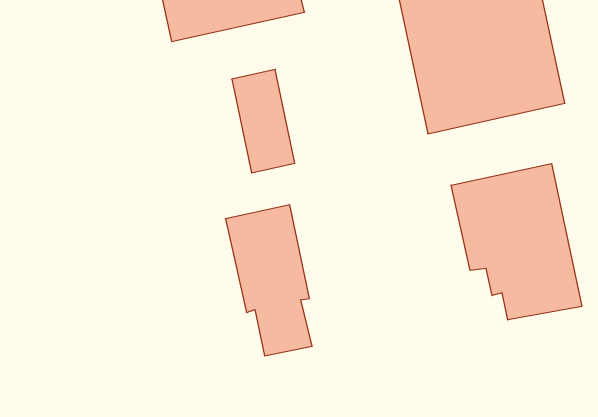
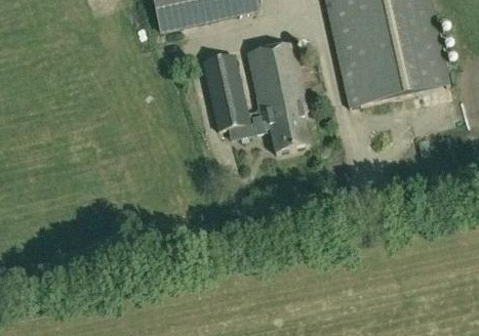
building: [451,164,582,320] -> none
building: [225,205,312,356] -> [247,41,311,152]

